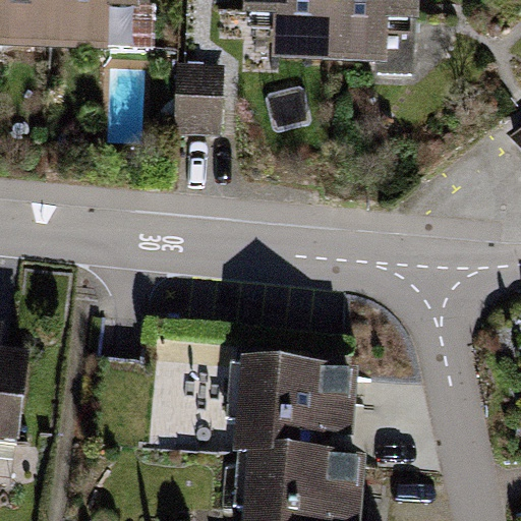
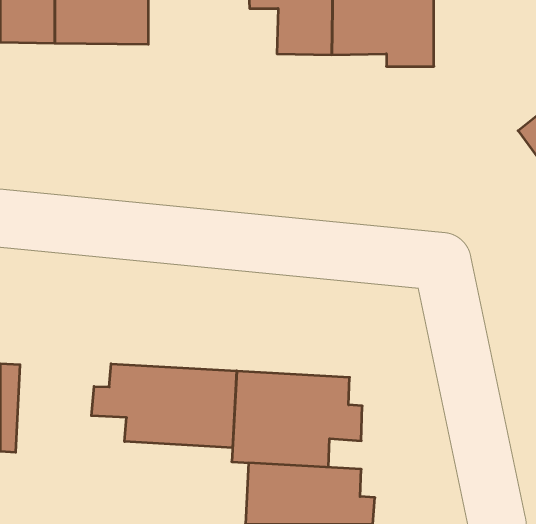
building: [175,66,228,136] -> none
building: none -> [91,364,237,448]

